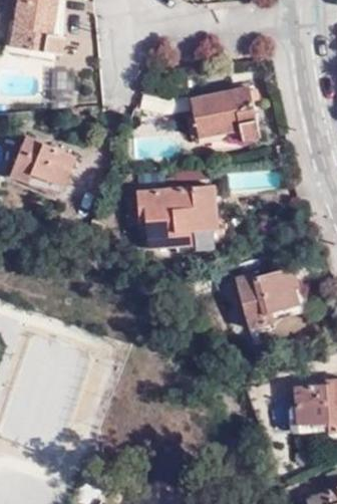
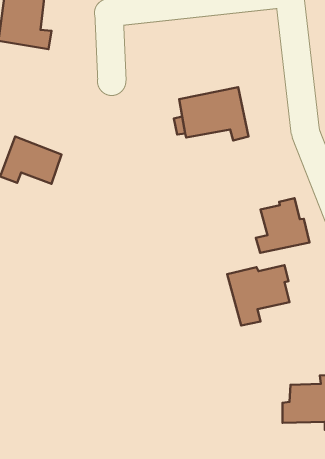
building: [134,185,213,252] -> none
building: none -> [256,198,310,253]

